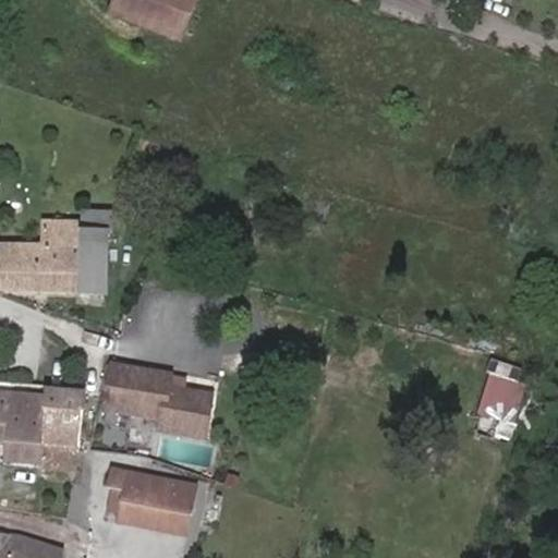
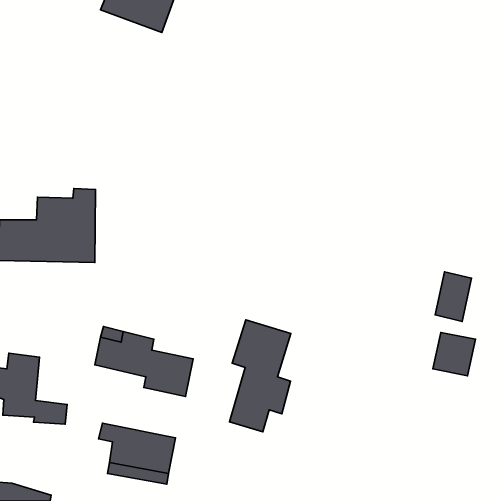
building: none -> [435,272,472,321]
building: none -> [229,320,291,432]
building: [39,390,81,447] -> none

